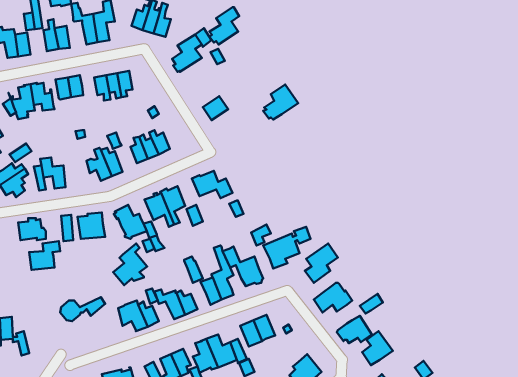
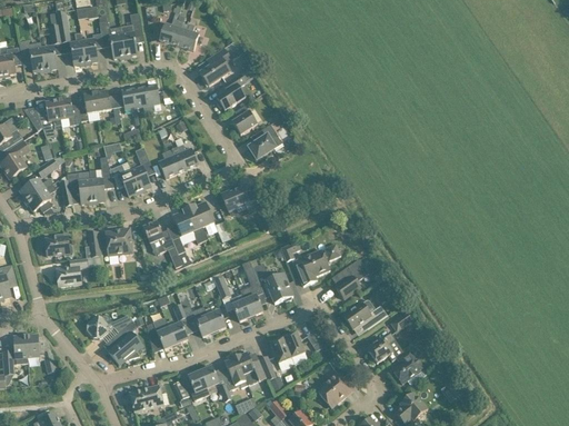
building: [210,7,239,45] -> [216,72,246,110]
building: [263,84,298,120] -> [247,123,282,159]
building: none -> [89,156,113,202]
building: [113,243,147,285] -> [108,321,142,364]

